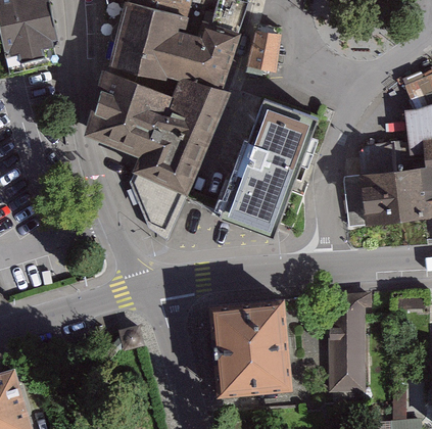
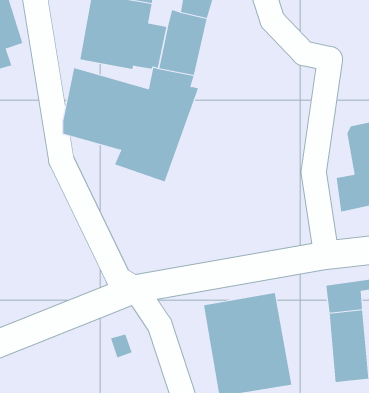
building: [245,25,280,74] -> none
building: [223,100,317,231] -> none
building: [131,166,188,238] -> none

